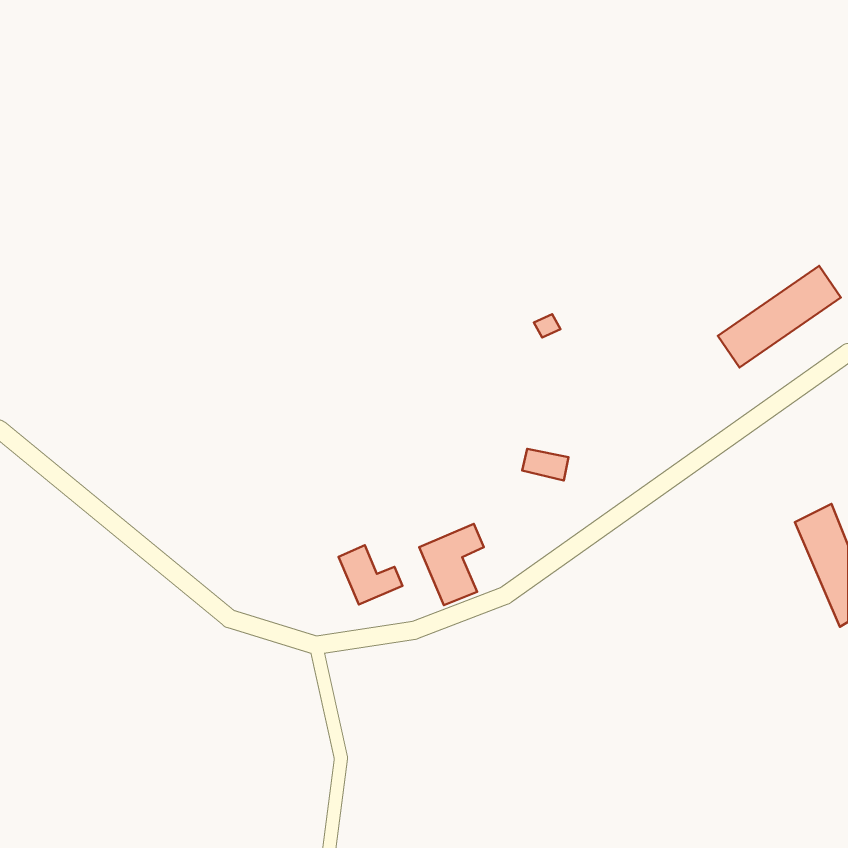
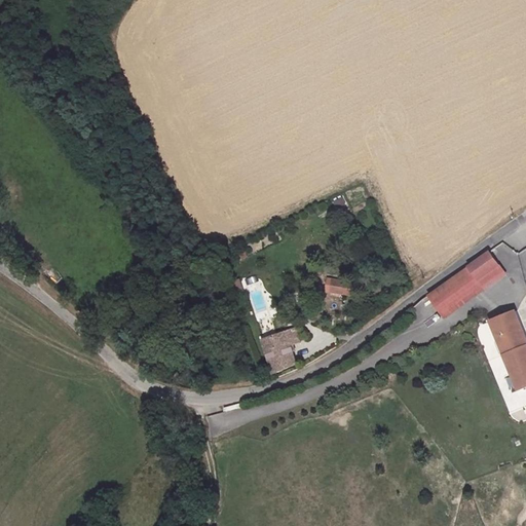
building: [718,266,841,367] -> [428,254,504,316]
building: [339,545,402,605] -> none

